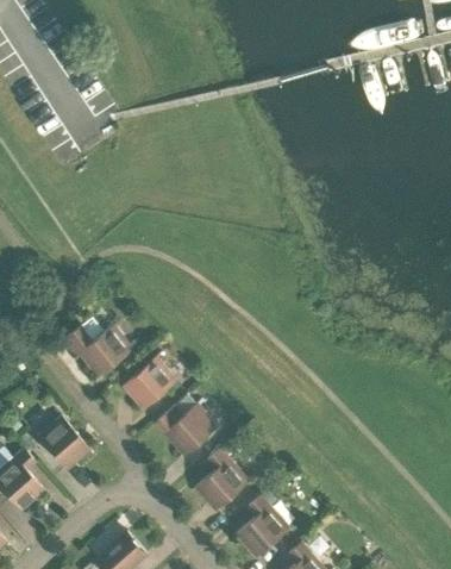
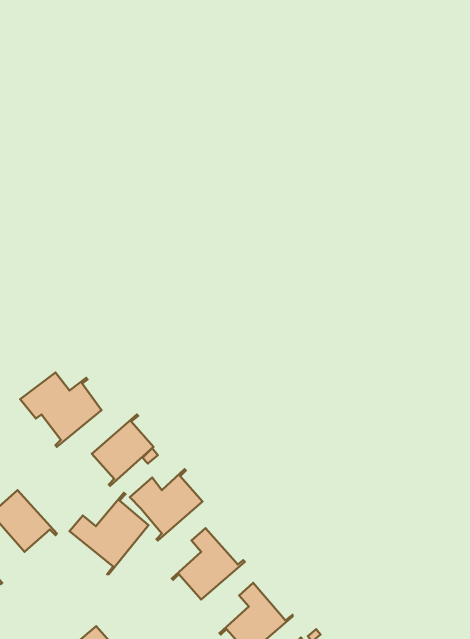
building: none -> [69,493,149,574]

